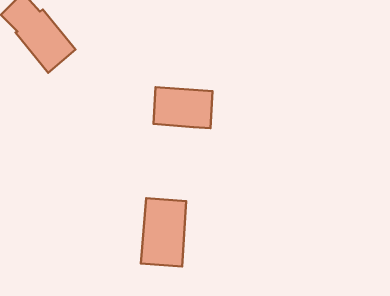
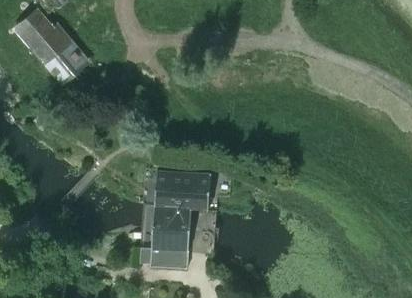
building: [154,87,213,128] -> [152,169,208,208]

